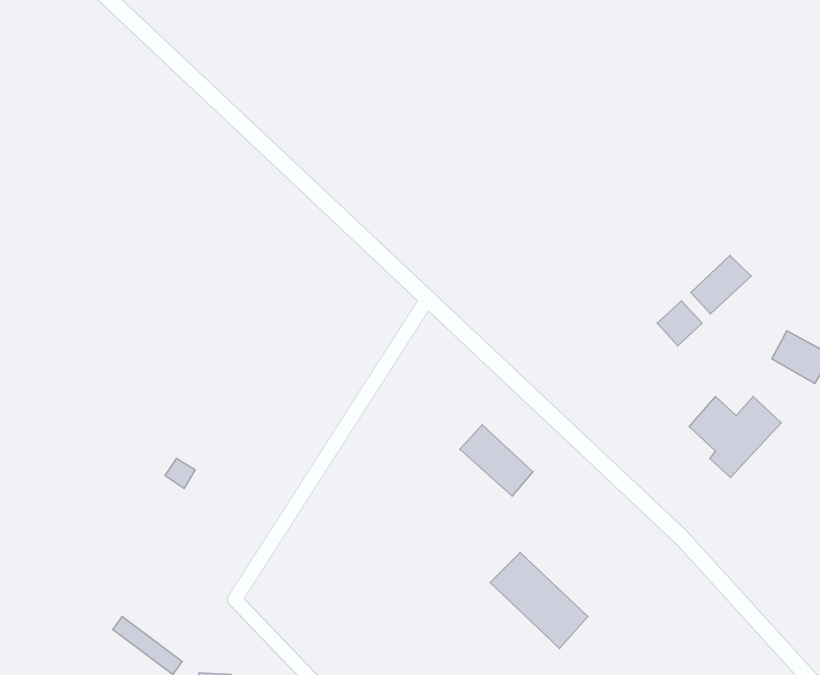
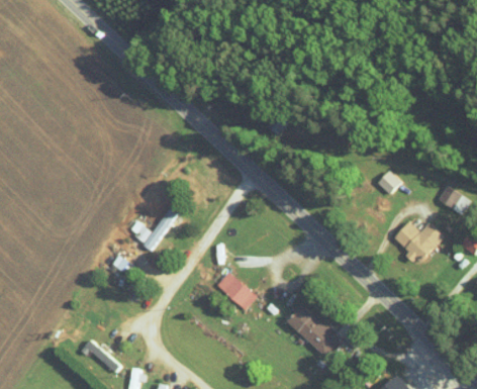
building: [691,255,751,314] -> none
building: none -> [134,205,179,249]
building: [460,425,533,496] -> [216,272,256,310]

